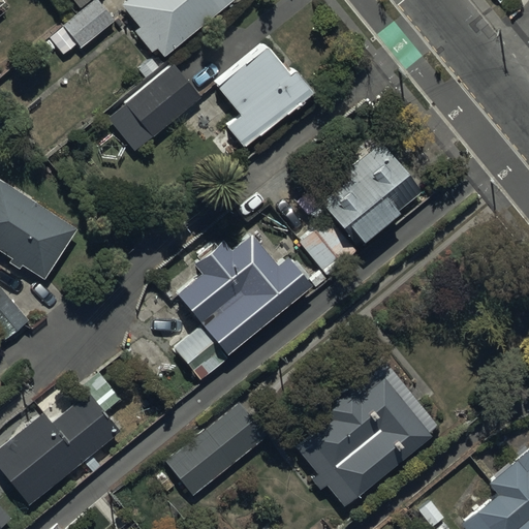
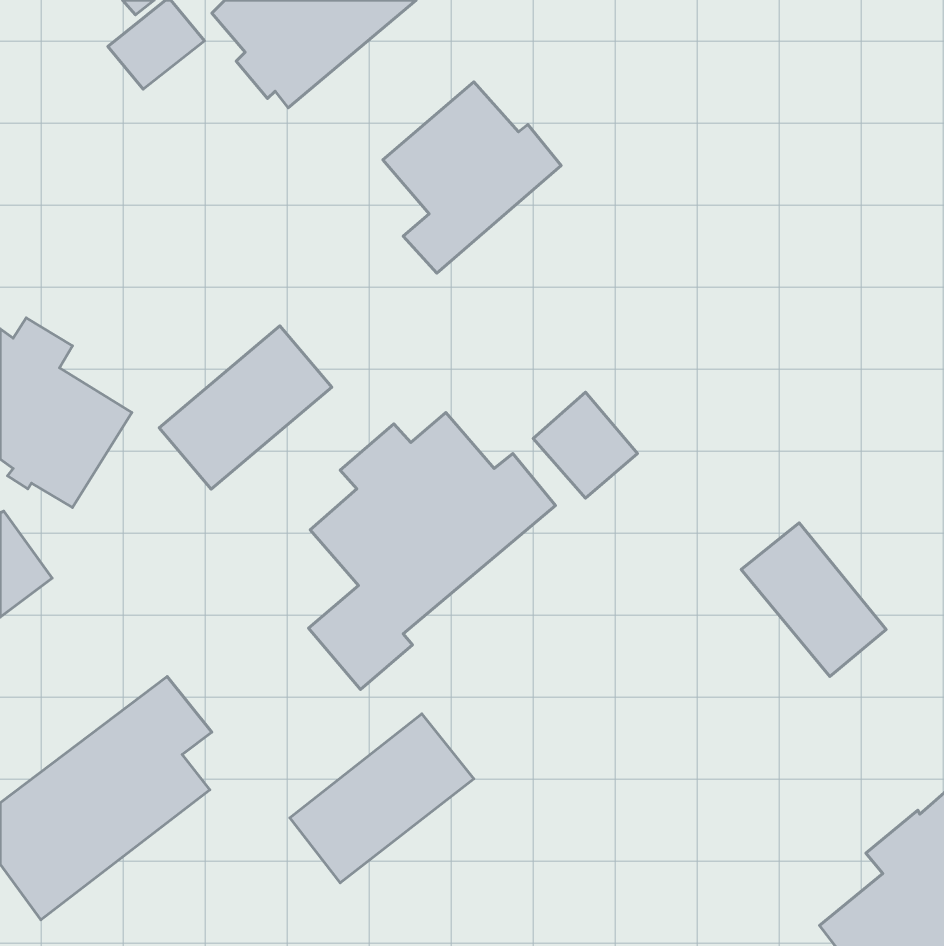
building: [106,63,203,154] -> [159,326,332,489]
building: [318,137,421,241] -> none
building: none -> [741,523,886,677]
building: [292,354,438,501] -> none

